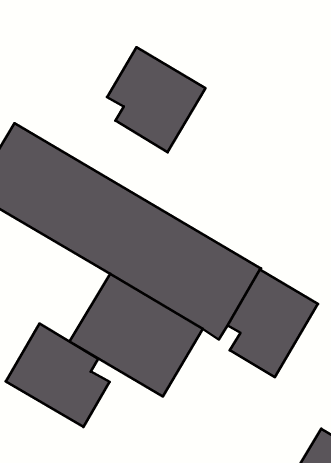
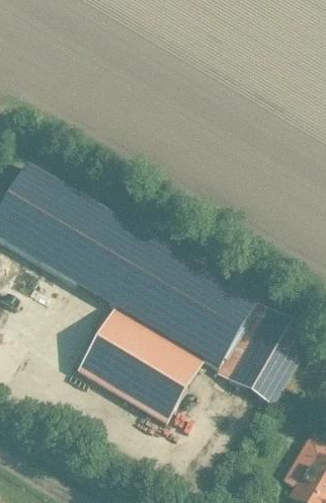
building: [107,47,205,152] -> none
building: [6,324,110,427] -> none

